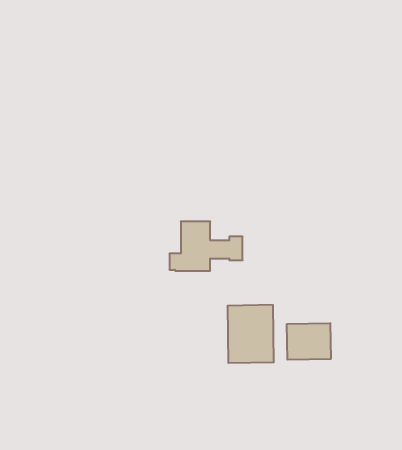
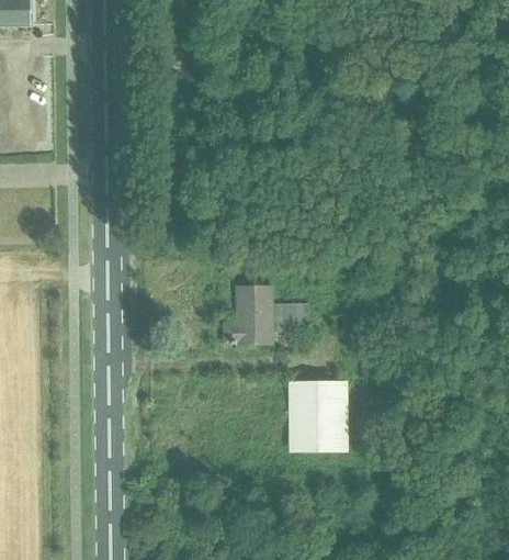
building: [287,323,331,360] -> none

